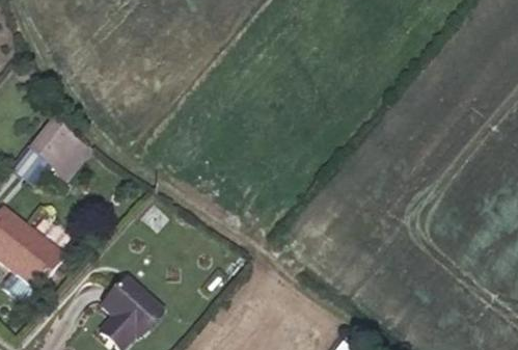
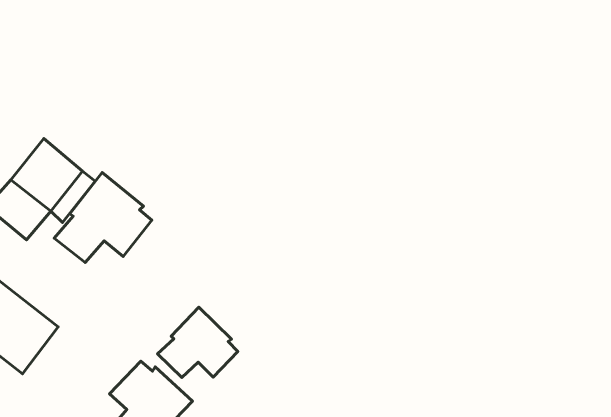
building: none -> [54,173,152,263]
building: none -> [158,307,238,377]

